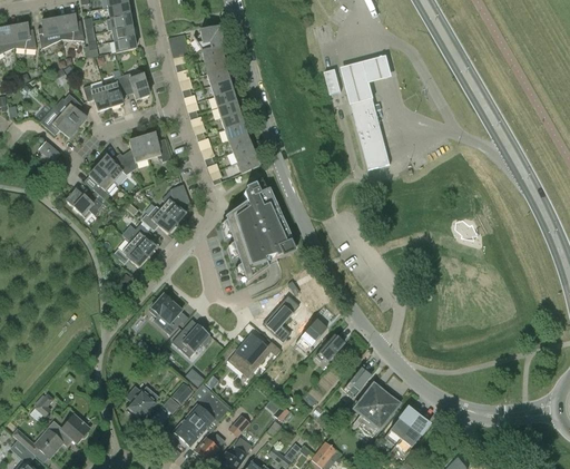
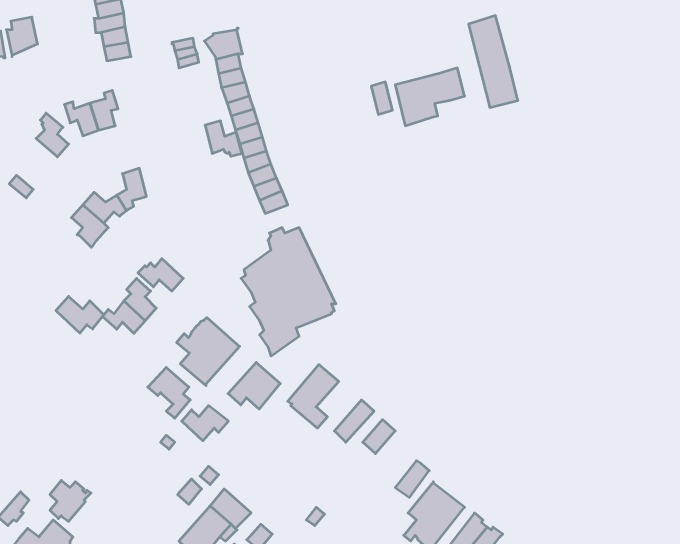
building: [57,13,83,40] -> none
building: [120,69,150,98] -> none
building: [351,96,390,168] -> [469,16,518,107]
building: [40,113,77,137] -> none
building: [141,133,170,160] -> [205,121,242,156]
building: [159,184,189,223] -> none
building: [66,188,104,217] -> [56,296,104,333]
building: none -> [177,318,240,386]
building: [230,334,272,371] -> [228,362,280,409]
building: [126,384,158,417] -> [50,480,91,521]

